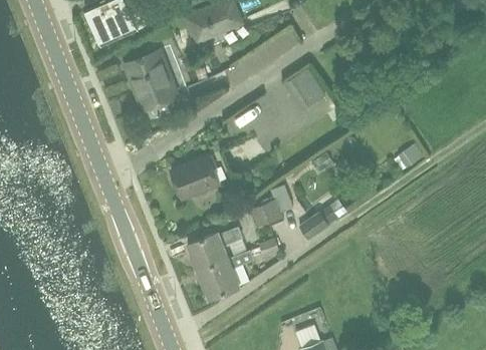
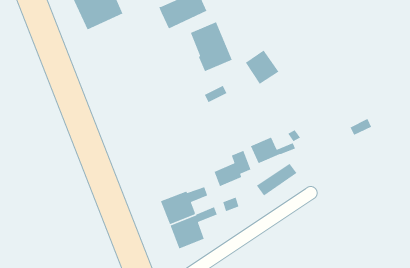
building: [127,50,177,109] -> [190,21,233,72]
building: [170,154,218,200] -> none
building: none -> [250,136,296,164]

